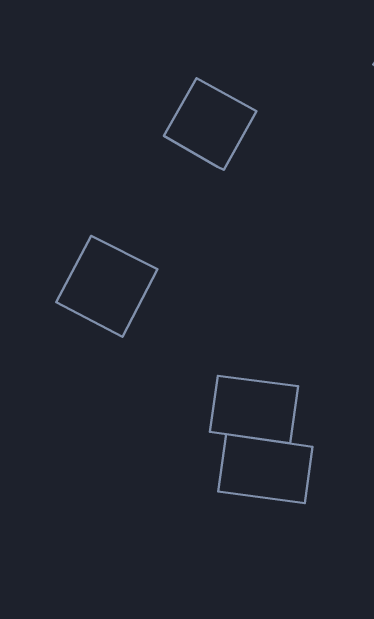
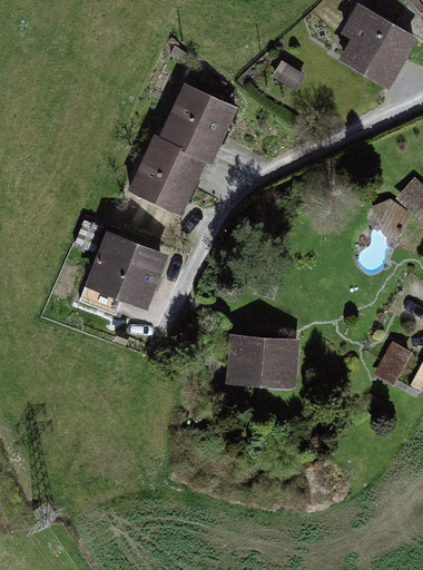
building: none -> [130,132,209,210]
building: [218,434,312,503] -> none

